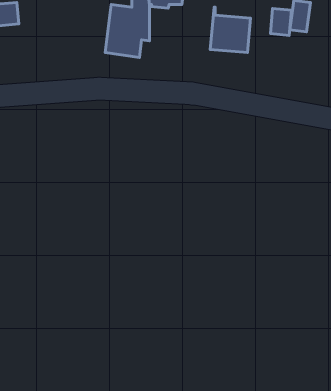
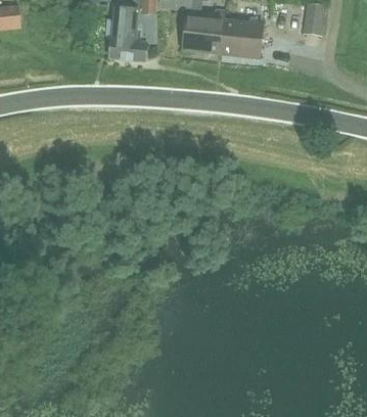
building: none -> [182,8,224,53]
building: [270,8,291,35] -> none

